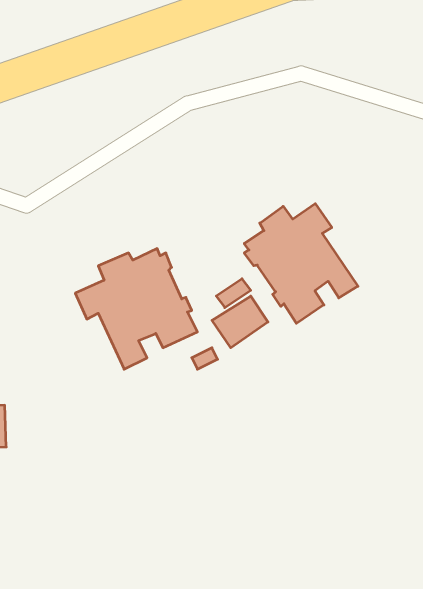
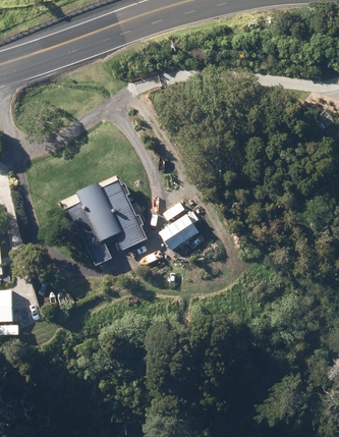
building: [244,204,358,323] -> none

